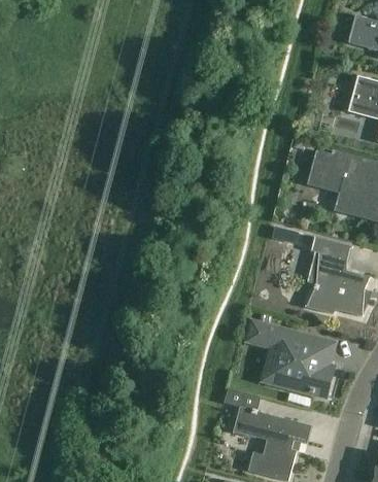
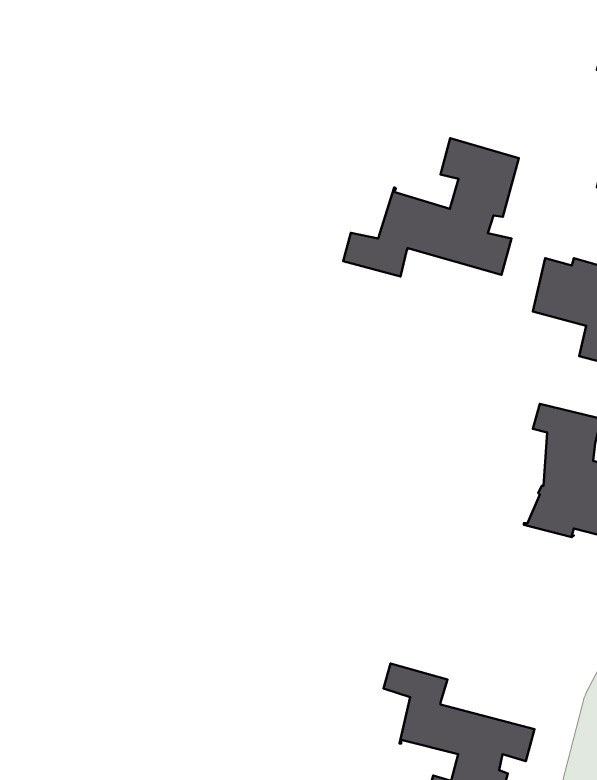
building: none -> [343,138,519,276]
building: [248,321,334,394] -> none

